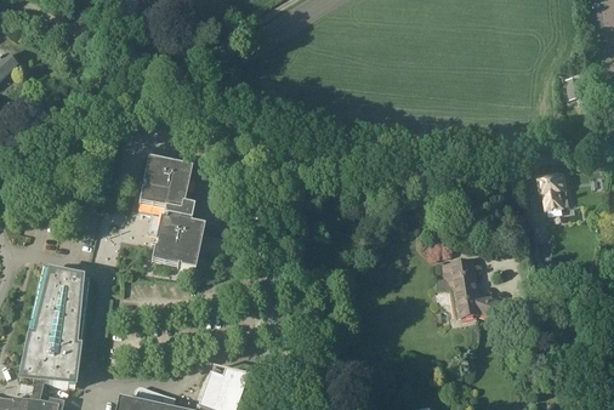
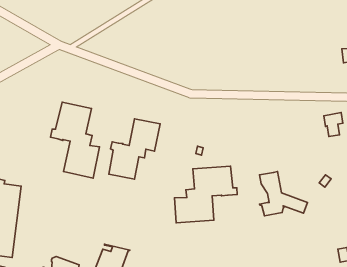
building: none -> [109,119,160,179]
building: none -> [174,166,237,223]

